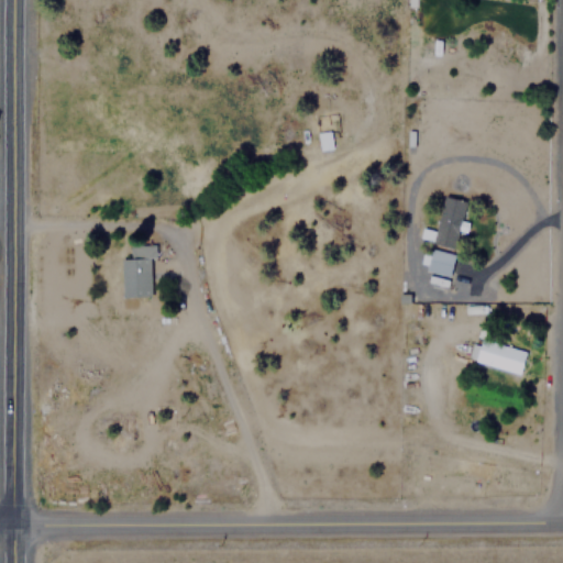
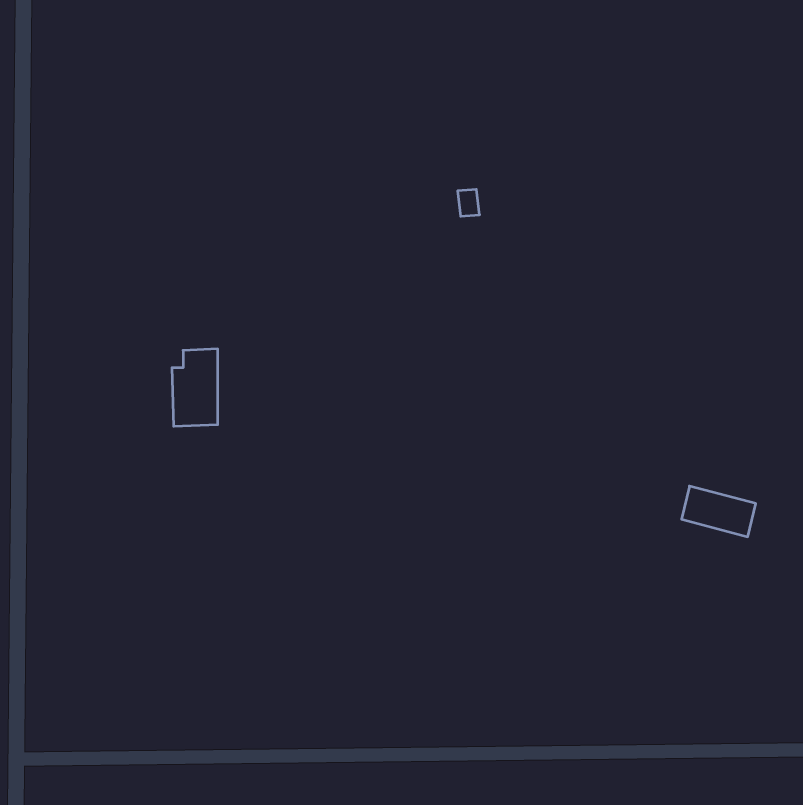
building: [433,197,466,250] -> none
building: [428,250,455,276] -> none

